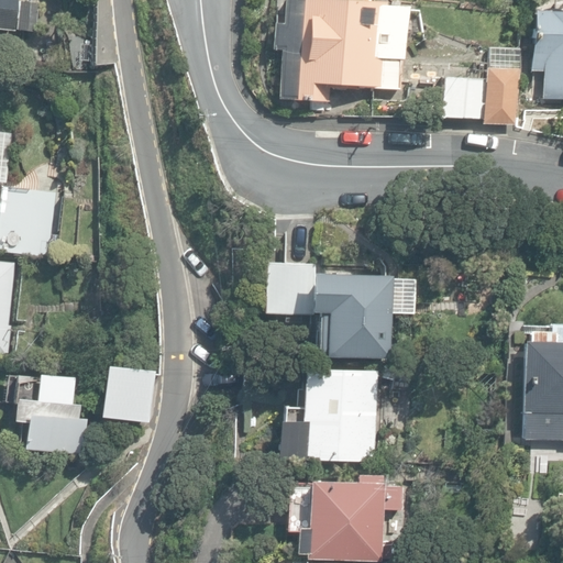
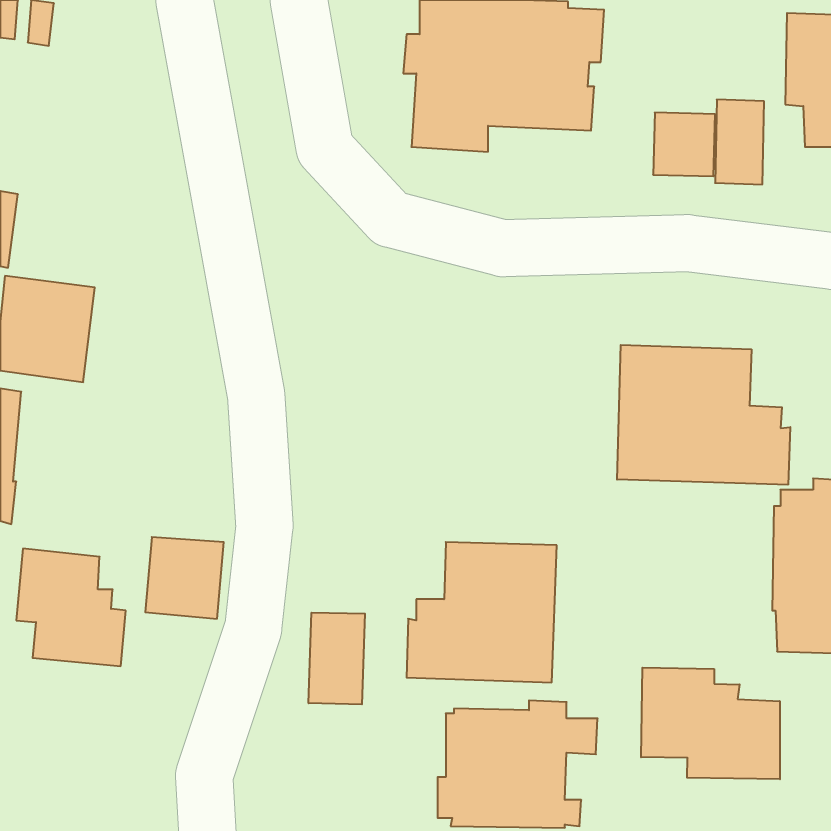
building: none -> [617,345,790,485]
building: [265,264,402,358] -> none
building: none -> [309,613,365,704]
building: none -> [641,668,780,779]

